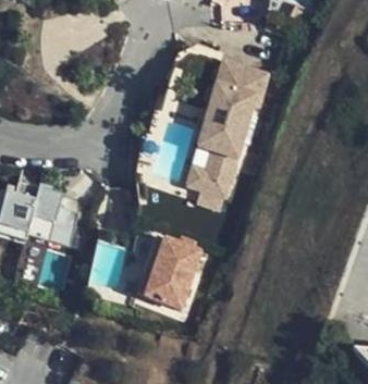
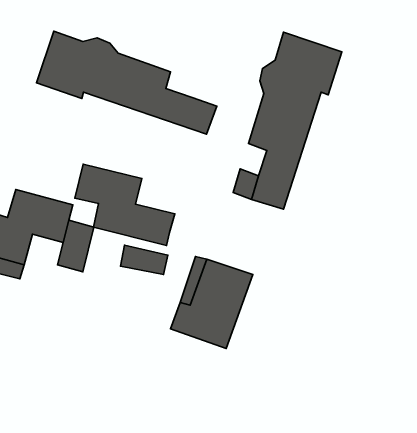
building: none -> [37,31,217,134]
building: none -> [75,164,175,245]

